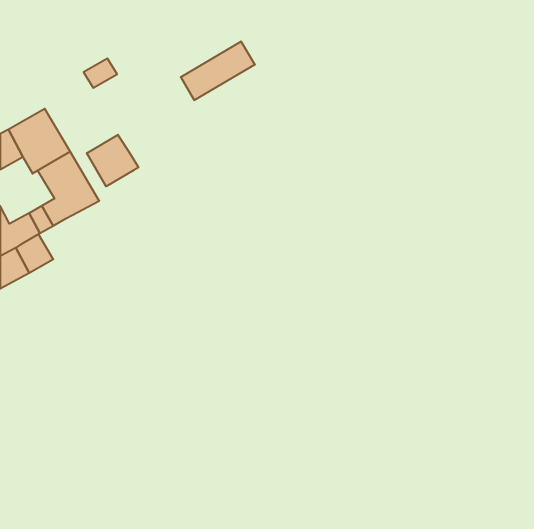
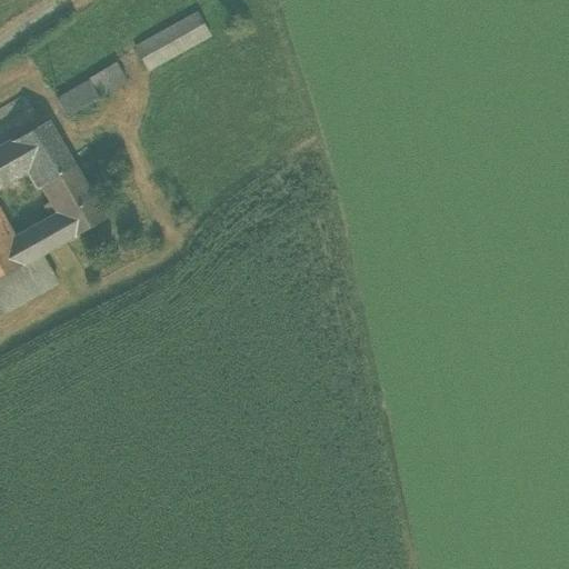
building: [181,42,255,100] -> [129,14,208,77]
building: none -> [57,77,99,112]
building: [87,135,138,186] -> none

